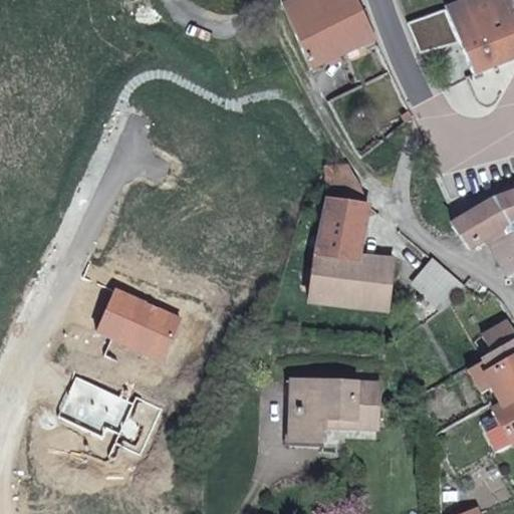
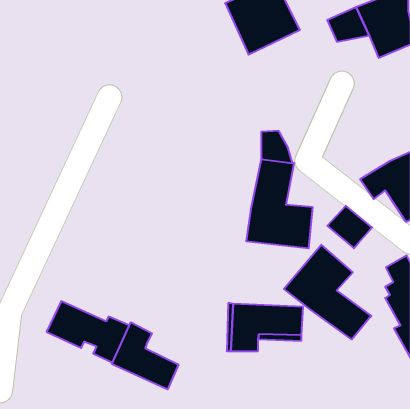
building: [98,289,181,358] -> none
building: none -> [284,245,371,339]
building: none -> [112,322,178,389]

